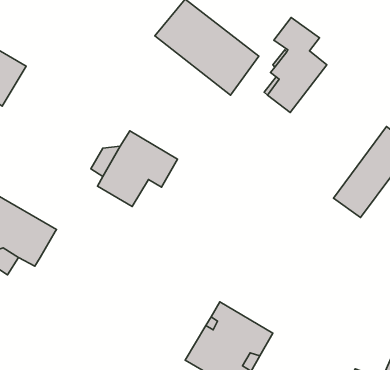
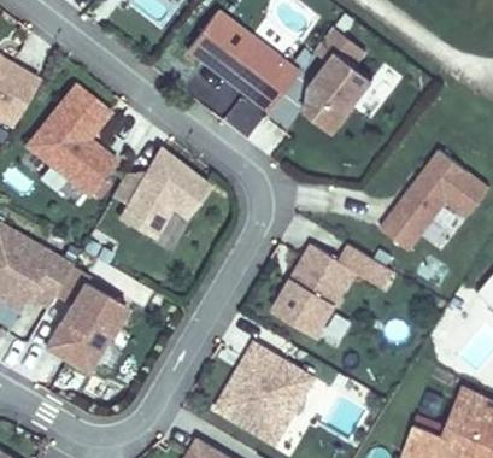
building: none -> [25,83,116,196]
building: none -> [272,246,394,337]
building: none -> [46,266,127,372]

